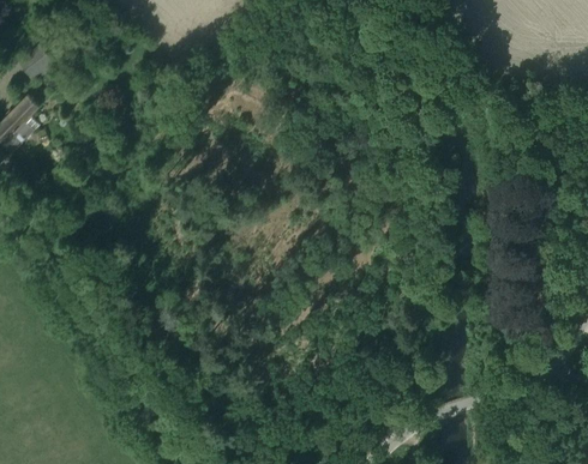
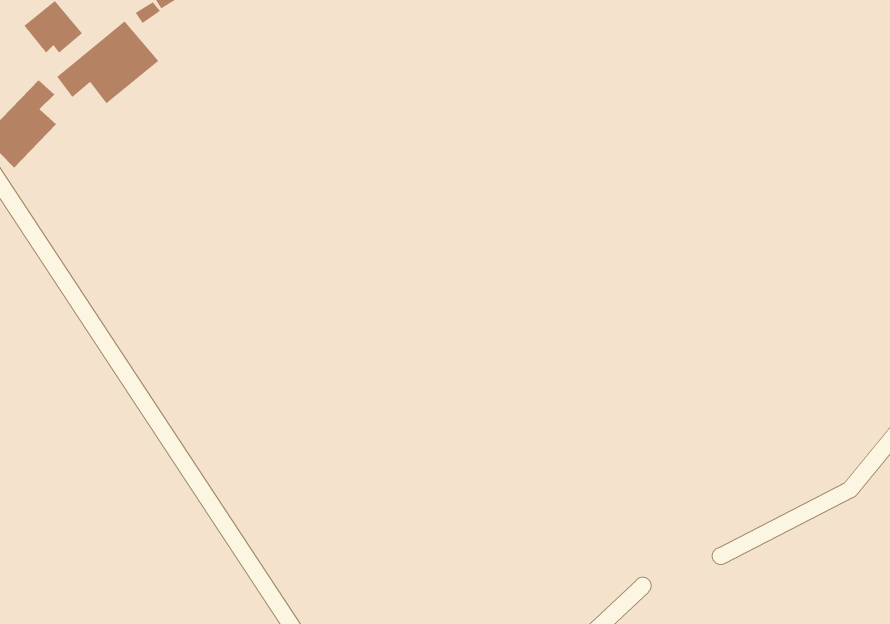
building: none -> [56,20,159,104]

